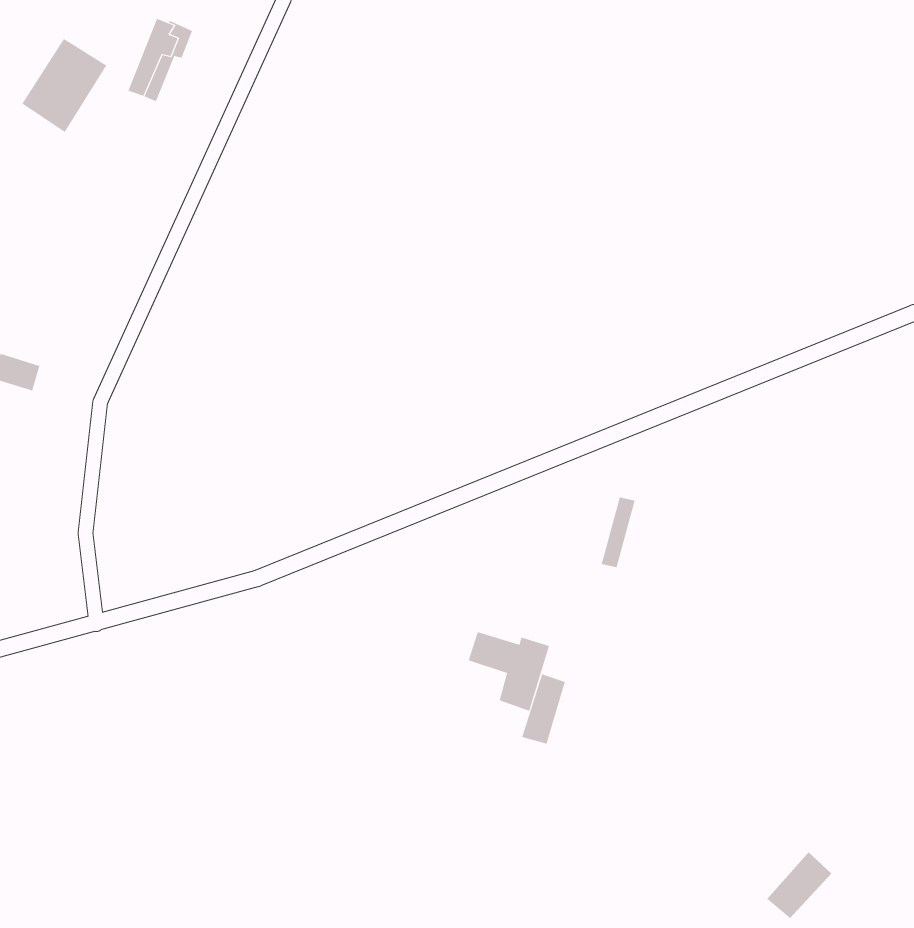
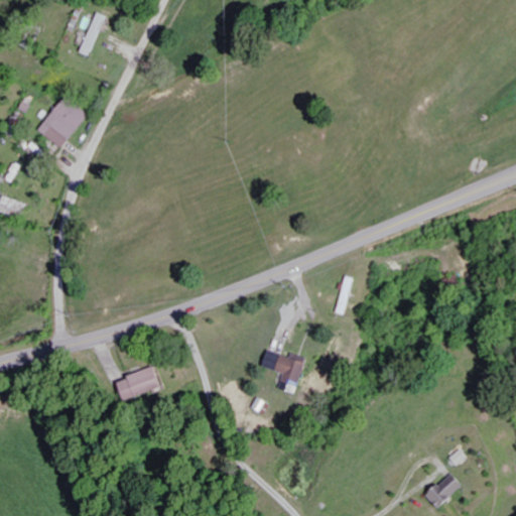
building: [21,38,107,133] -> [37,96,85,148]
building: none -> [117,367,161,401]
building: [522,673,565,745] -> none

